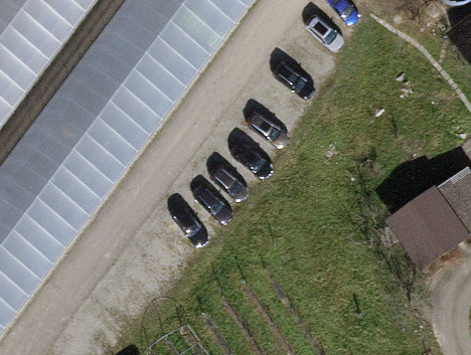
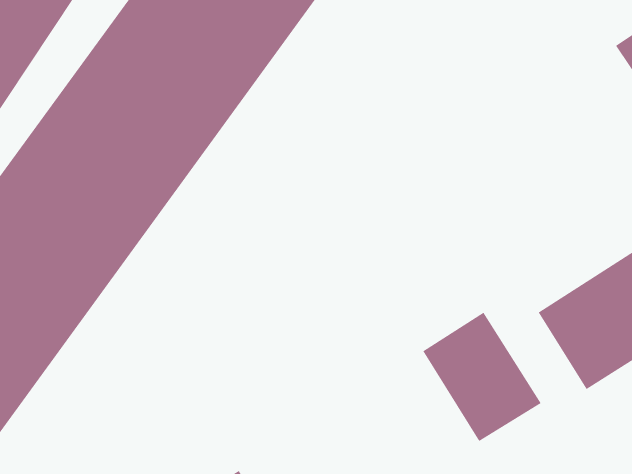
building: none -> [422,312,541,442]

